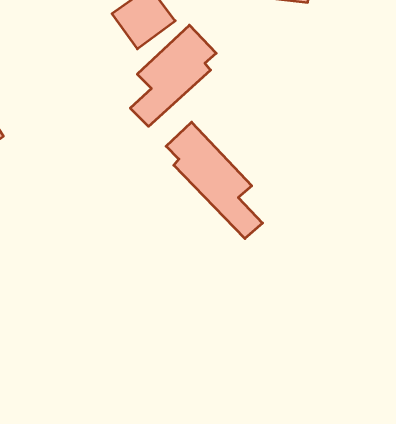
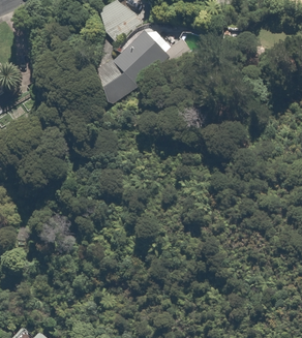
building: [166,122,263,239] -> none

